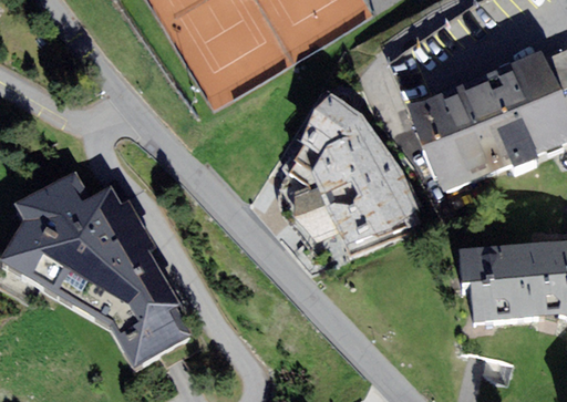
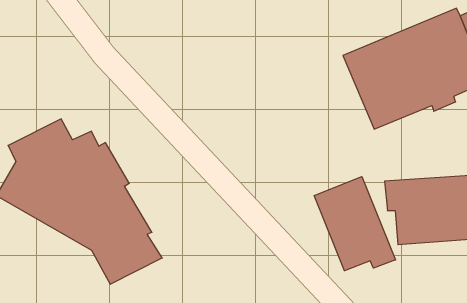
building: [291,89,423,252] -> none
building: none -> [314,177,396,271]

